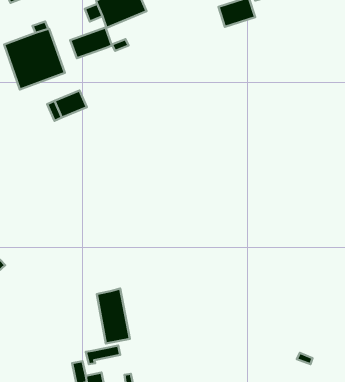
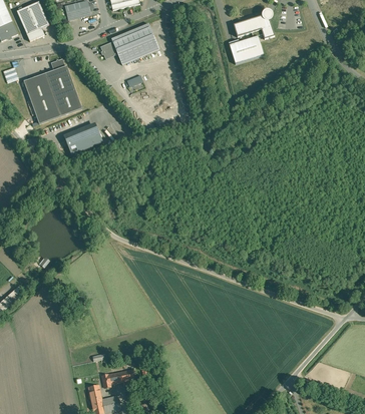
building: [70,27,112,58] -> none
building: [97,289,130,344] -> none

